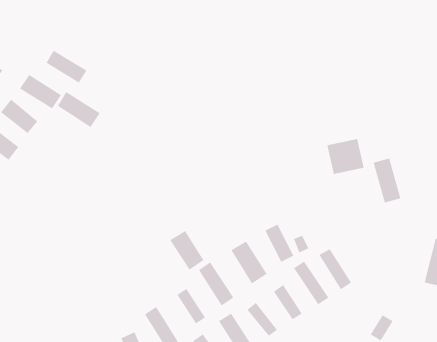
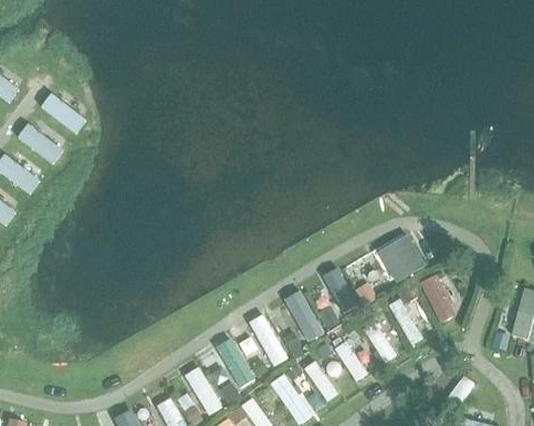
building: [46,50,87,84] -> none
building: [57,91,101,128] -> none
building: [327,139,365,174] -> [375,237,419,279]
building: [373,158,401,203] -> [421,274,454,328]
building: [169,230,204,270] -> none

